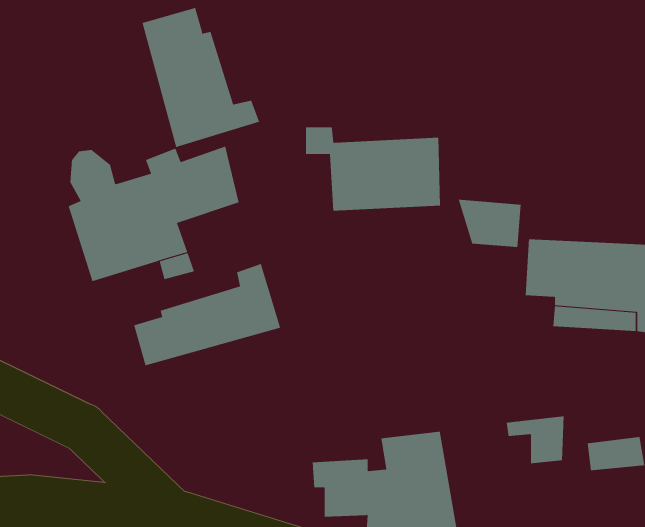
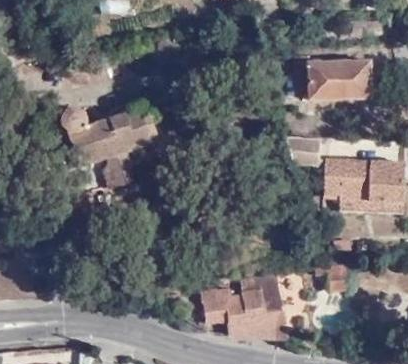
building: [142,7,260,148] -> none
building: [305,127,441,211] -> [299,54,378,103]
building: [133,263,281,366] -> none

